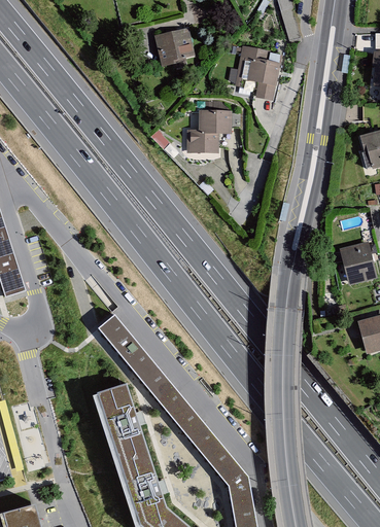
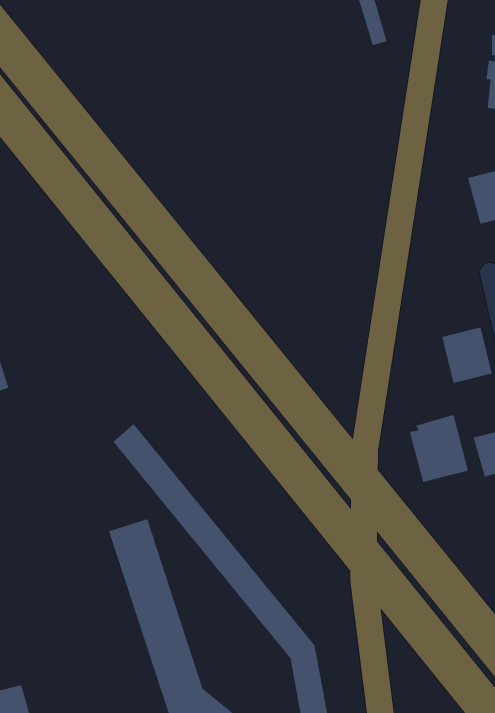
building: [152,27,194,66] -> none
building: [233,45,278,99] -> none
building: [186,109,231,152] -> none
building: none -> [409,414,469,483]

